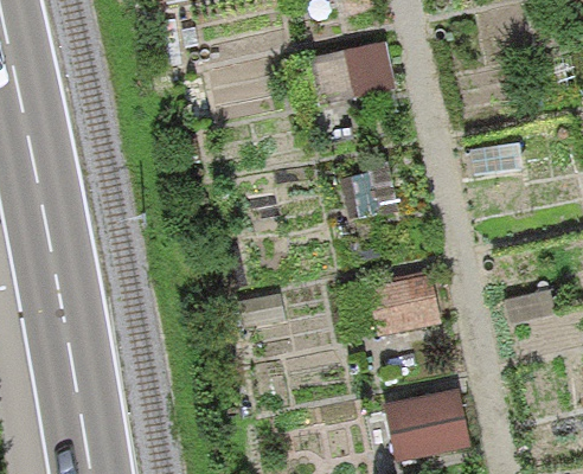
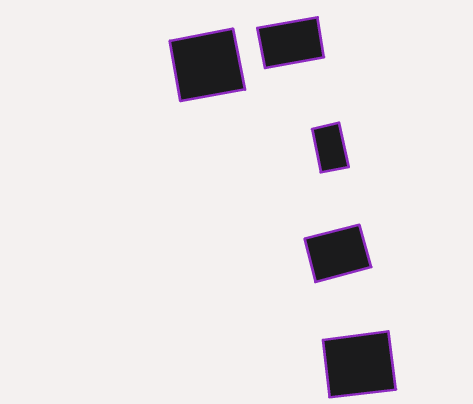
building: none -> [170,29,245,101]

